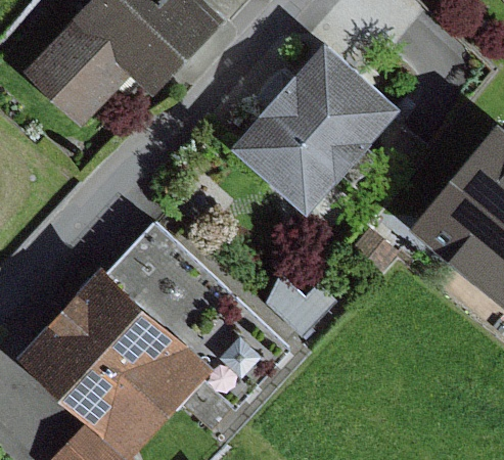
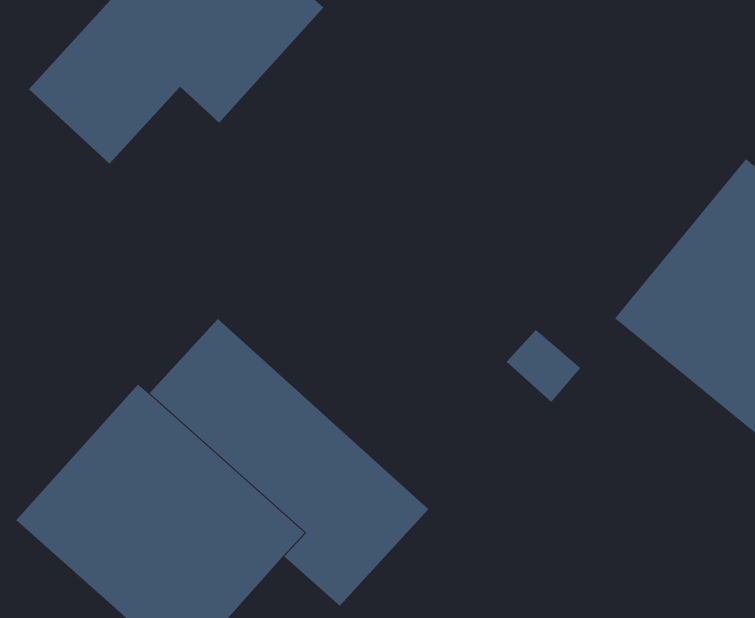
building: [231,42,399,217] -> none

